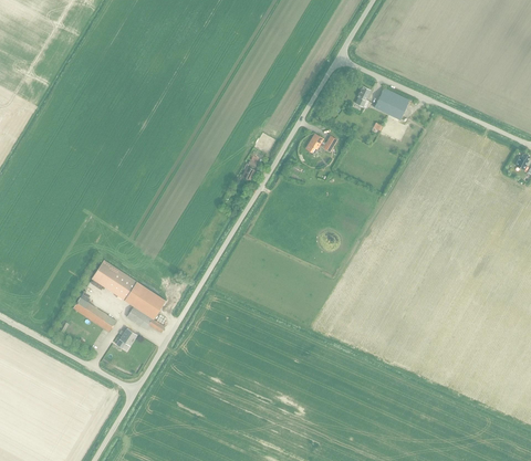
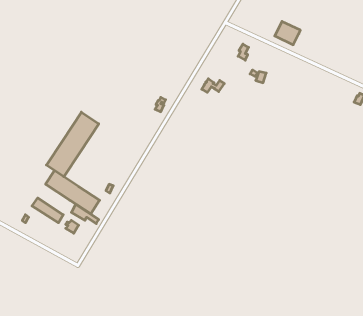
building: [373,88,408,121] -> [275,21,300,45]
building: none -> [46,112,99,177]

